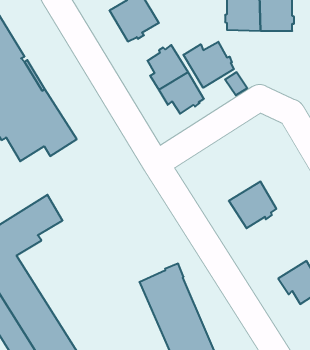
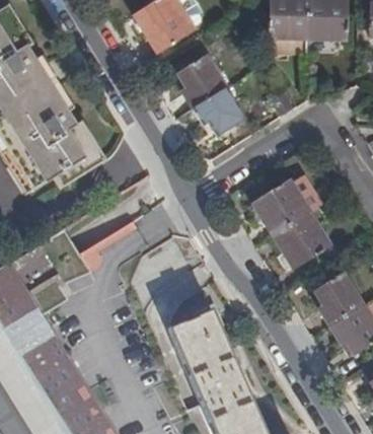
building: [183,42,234,88] -> none
building: none -> [252,175,320,234]
building: none -> [316,274,361,323]

